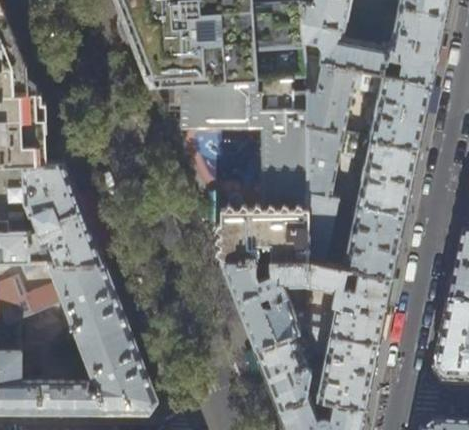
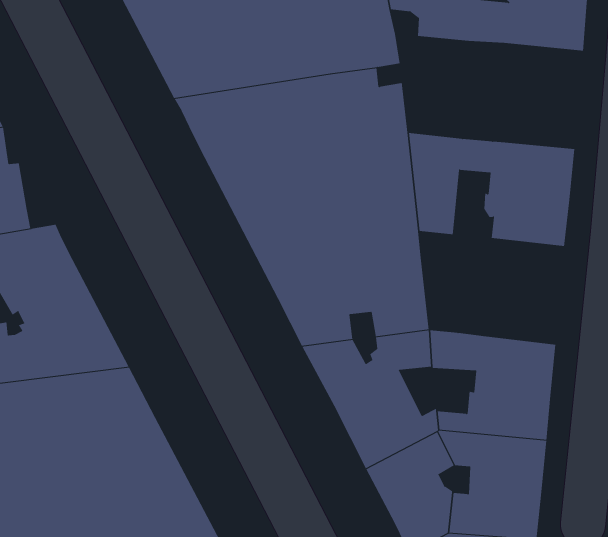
building: [306,61,431,151] -> none
building: [307,195,338,266] -> none
building: [343,205,404,281] -> none

